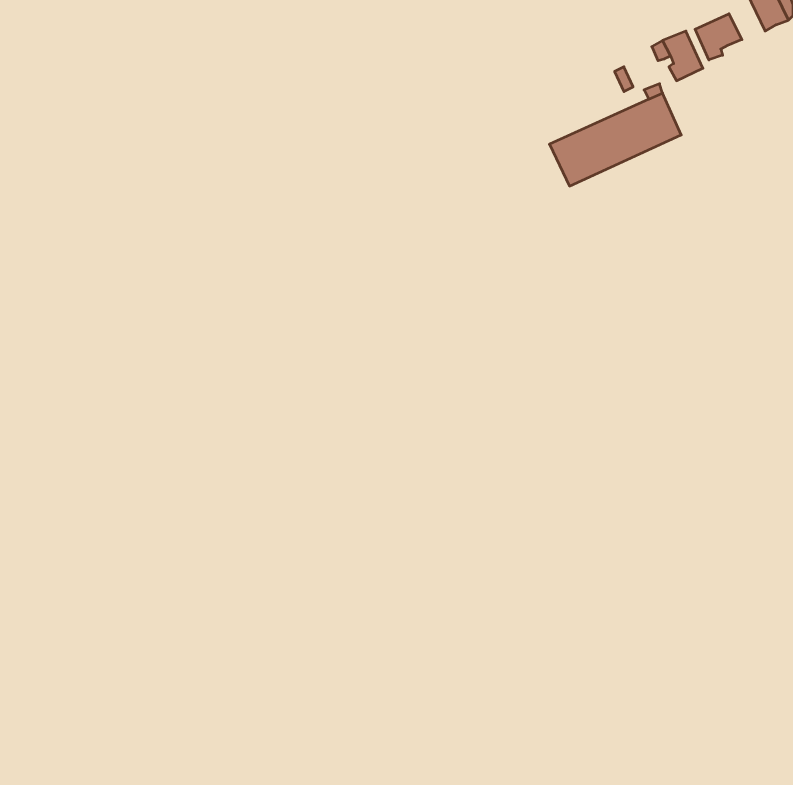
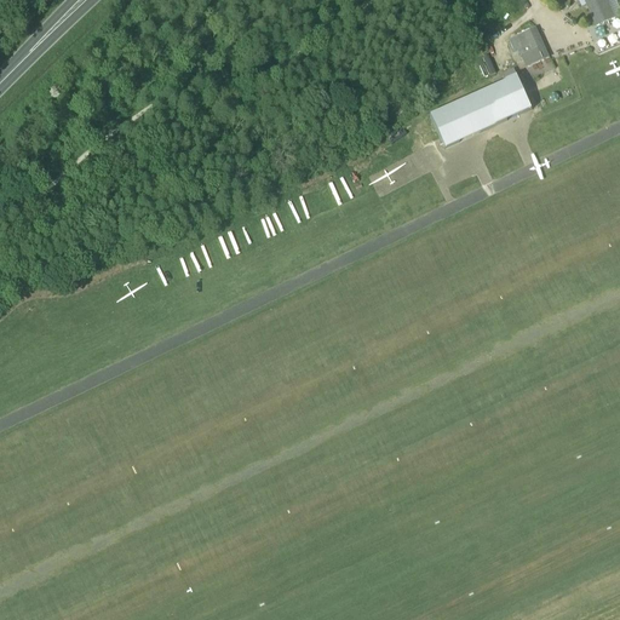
building: [695,14,742,60] -> none

